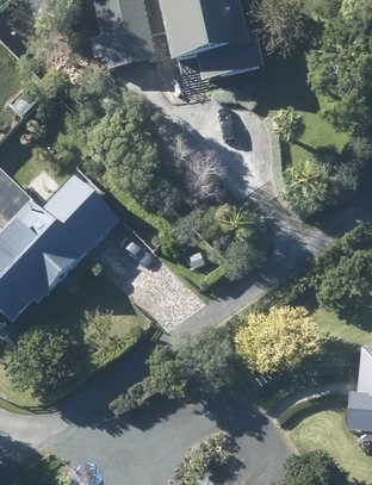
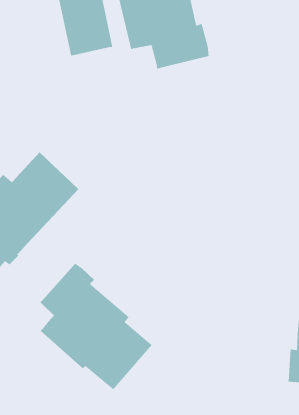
building: none -> [39,263,152,390]

